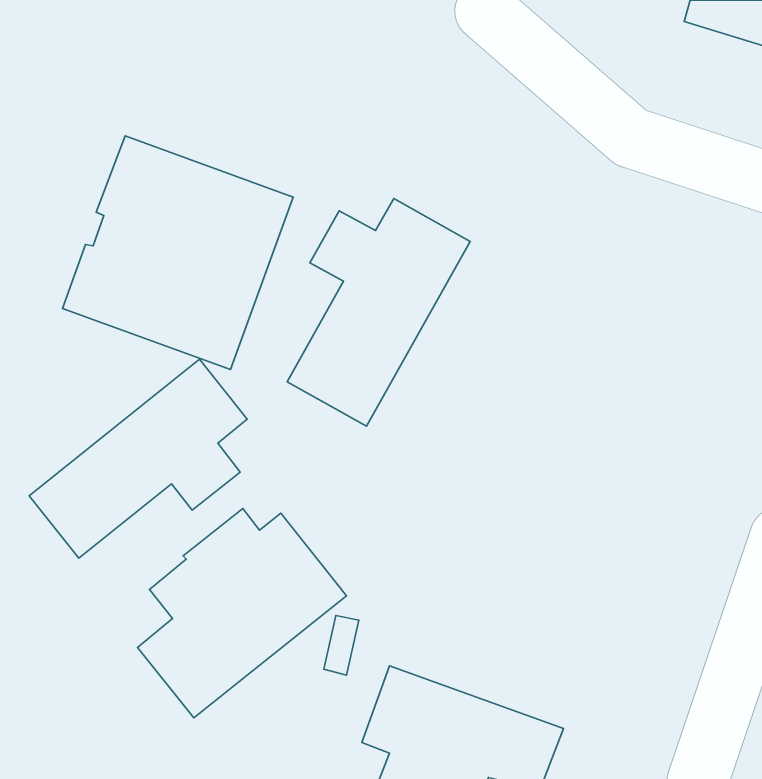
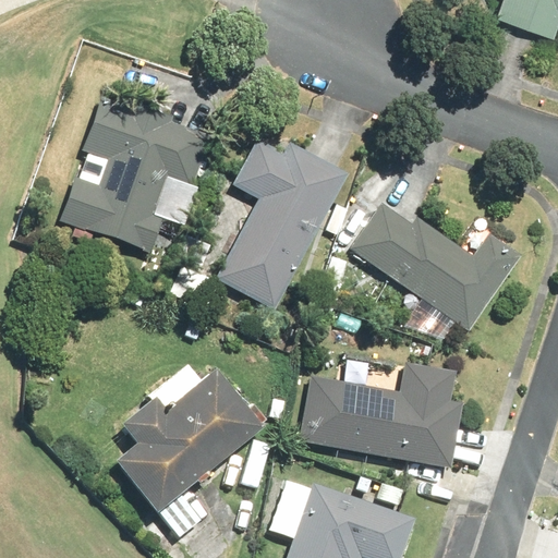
building: none -> [350,203,519,343]
building: [29,359,247,558] -> none
building: none -> [299,362,463,484]

